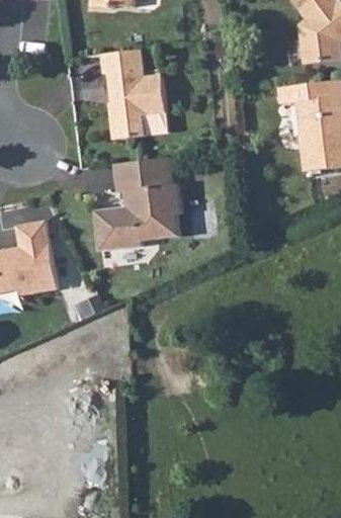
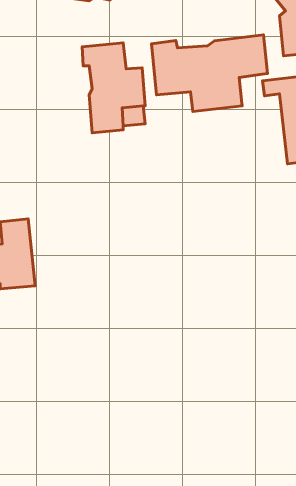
building: none -> [151,35,267,112]
building: [93,158,178,249] -> none

